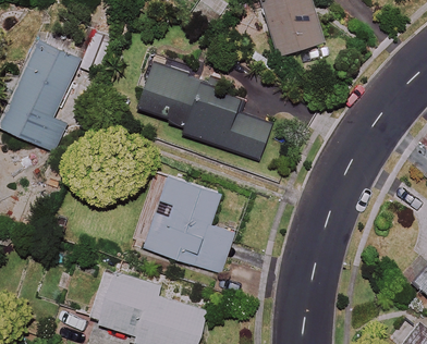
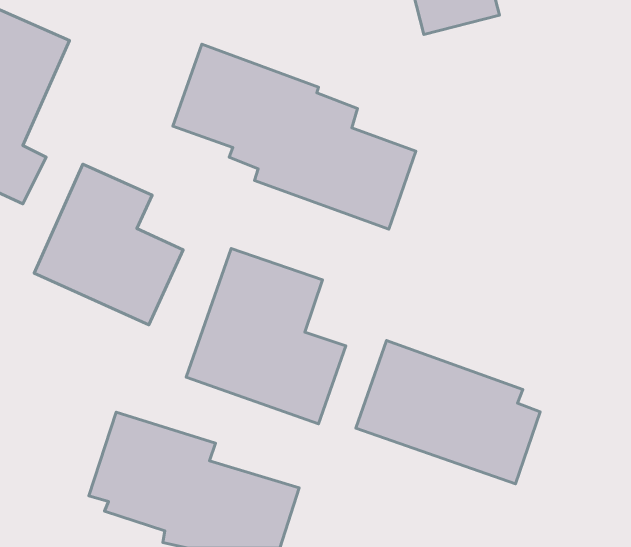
building: none -> [34,164,183,325]
building: none -> [356,341,540,484]

